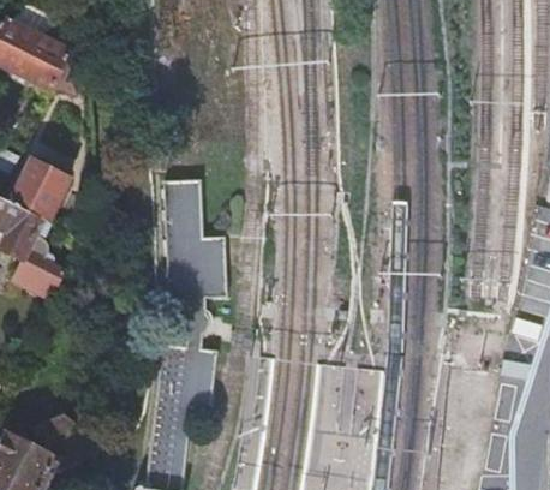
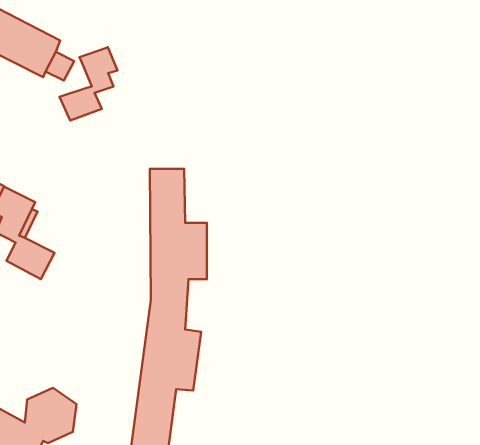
building: none -> [60,47,117,121]
building: [11,161,68,222] -> none

